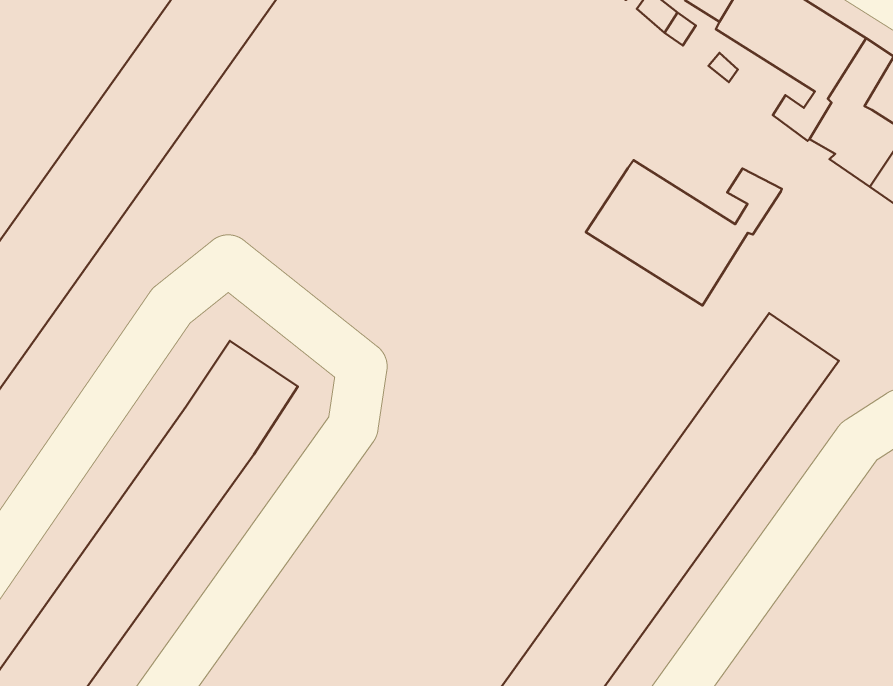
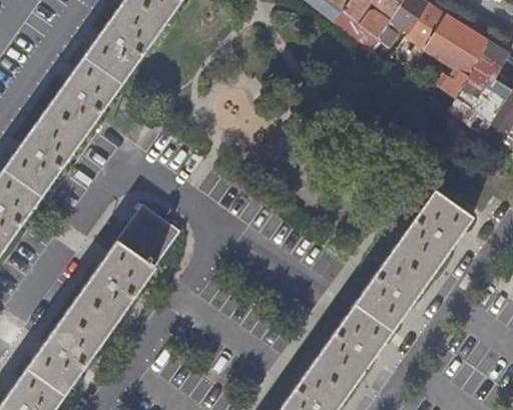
building: [586,160,782,306] -> none

